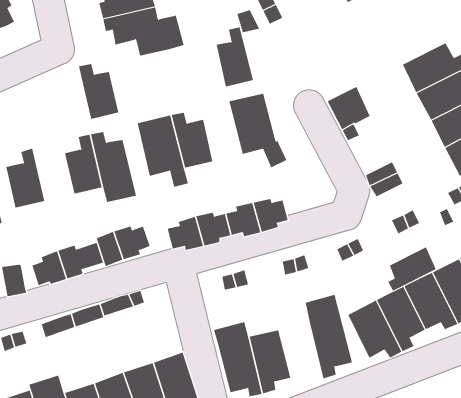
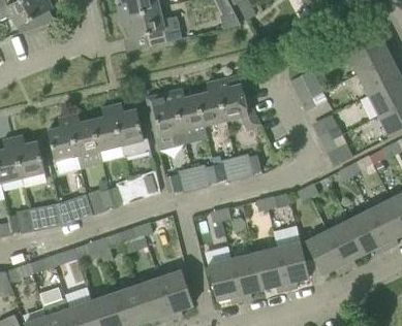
building: [216,27,254,87] -> [196,80,225,126]
building: [78,63,119,119] -> [67,113,98,156]
building: [388,247,437,291] -> none
building: none -> [253,248,286,292]

